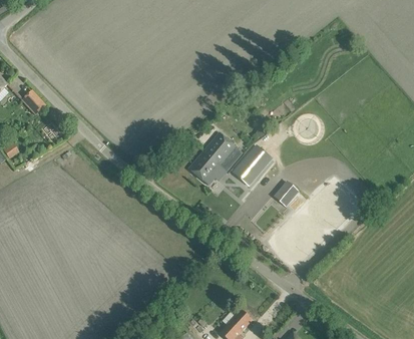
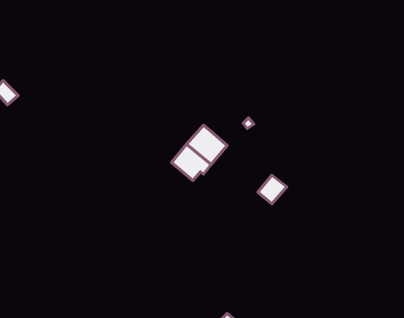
building: [233,144,273,186] -> none

